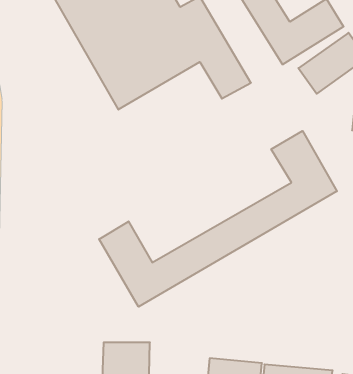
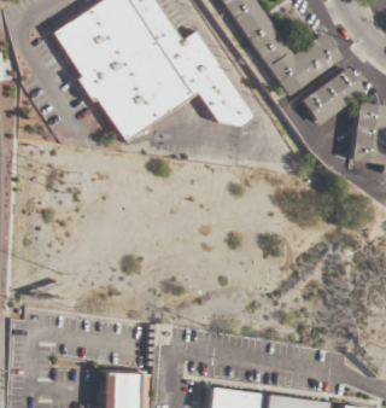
building: [99,131,337,307] -> none

